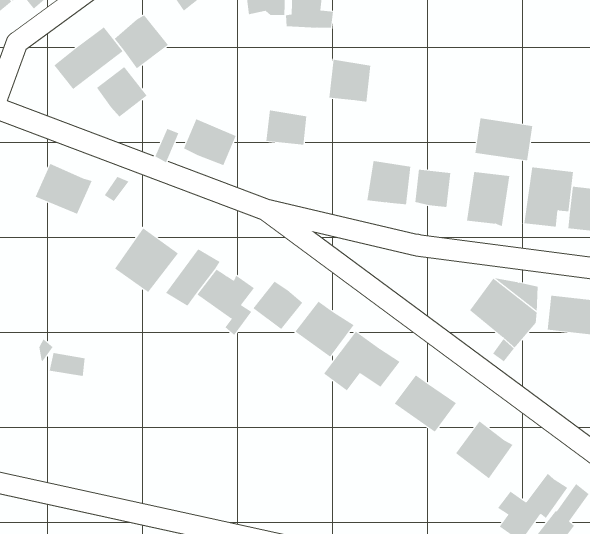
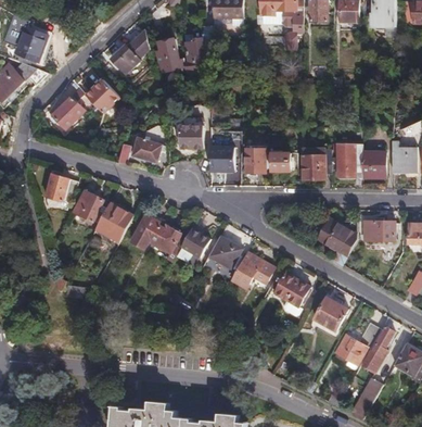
building: [329,59,371,102] -> [210,149,233,172]
building: [96,66,148,117] -> none
building: [475,118,533,161] -> none
building: none -> [76,191,108,225]

